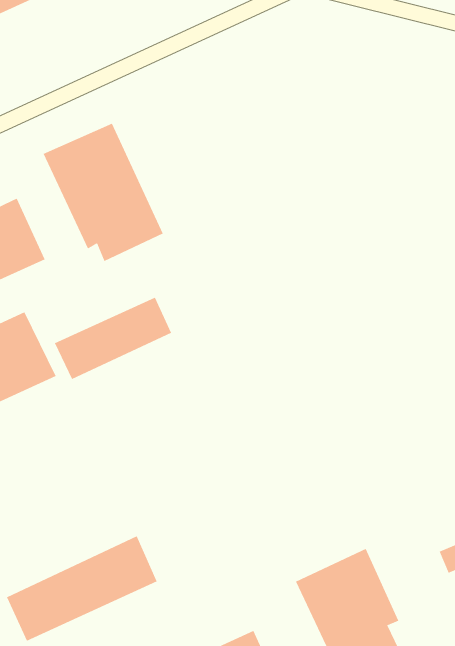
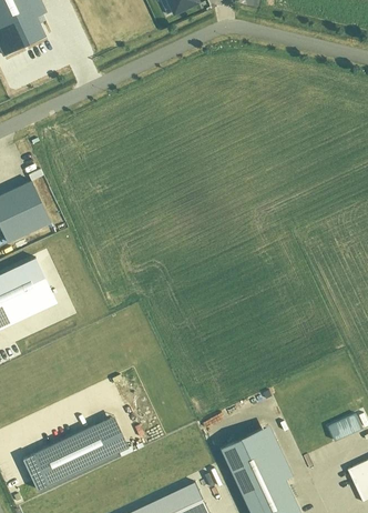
building: [43,123,163,262] -> none
building: [54,297,172,380] -> none

